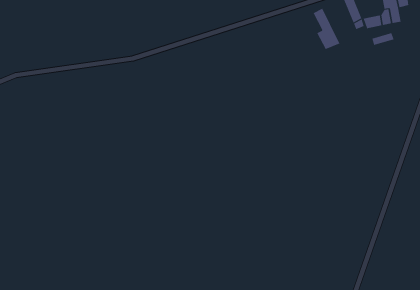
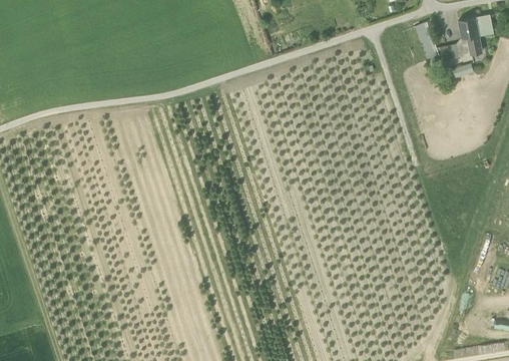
building: [313,8,340,50] -> none

